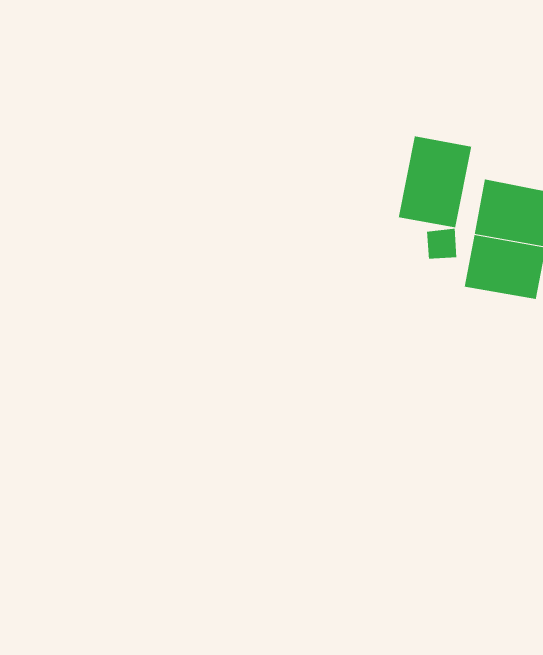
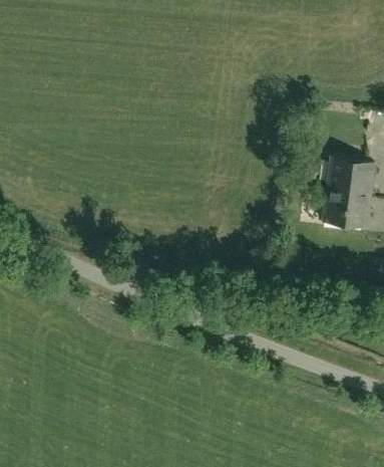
building: [398,136,472,228] -> none

